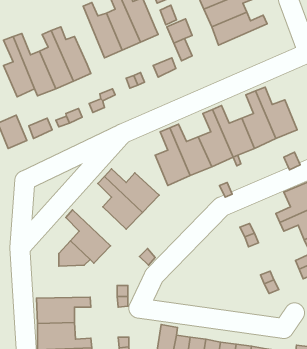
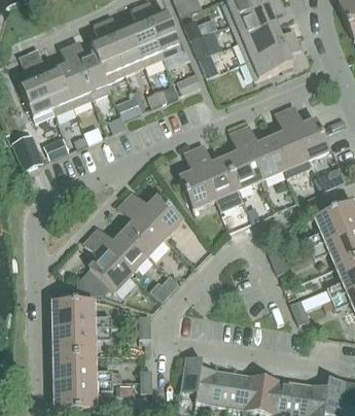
building: none -> [88,20,125,81]
building: none -> [245,38,300,79]
building: none -> [91,228,147,273]
building: none -> [52,300,109,328]

